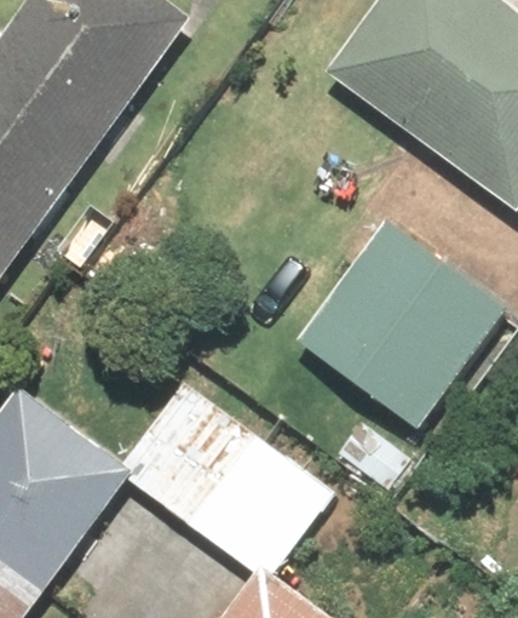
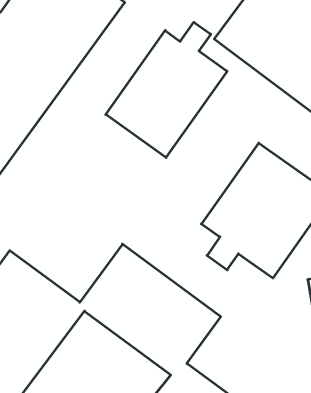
building: none -> [106,22,227,158]

